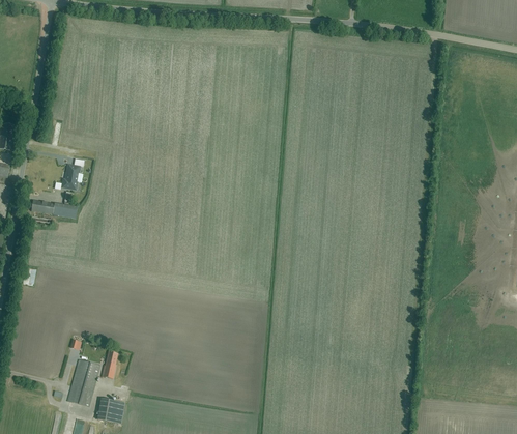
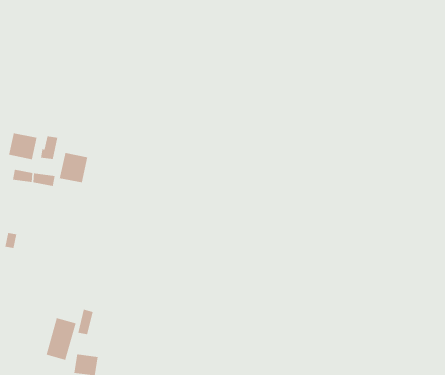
building: none -> [9,132,37,160]
building: none -> [59,152,88,183]

